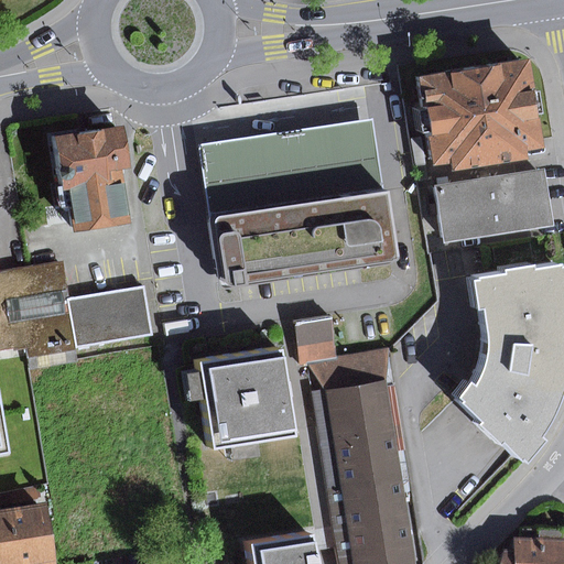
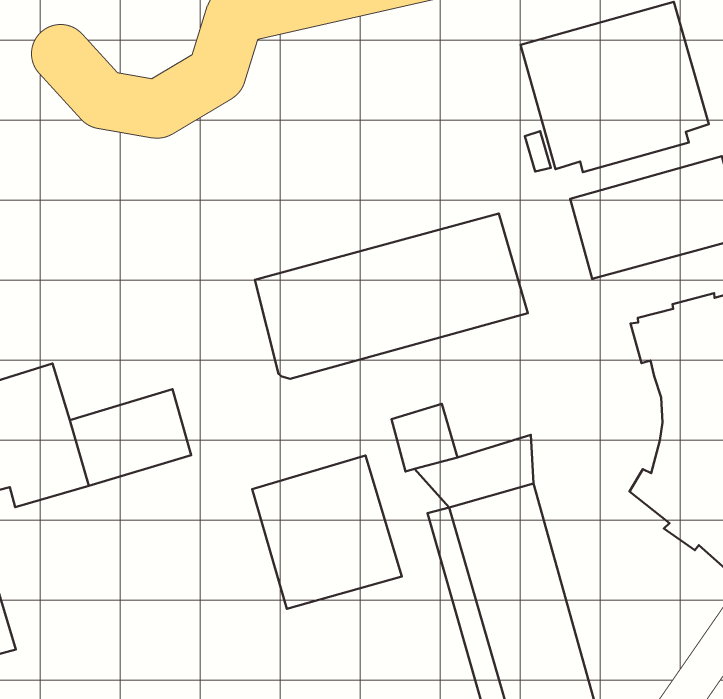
building: [200,118,387,218] -> none
building: [54,129,128,231] -> none

